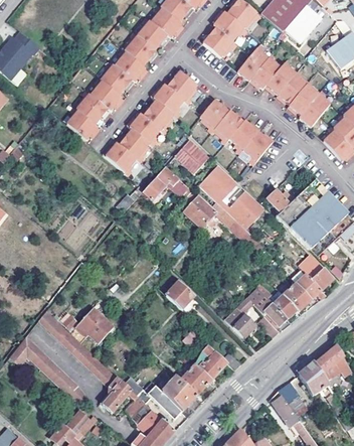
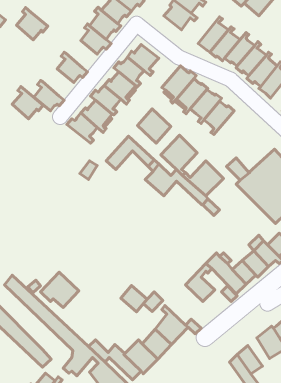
building: [102,62,134,96] -> [17,8,48,40]
building: [77,92,110,125] -> [12,87,43,119]
building: [166,281,193,308] -> [121,285,147,312]

